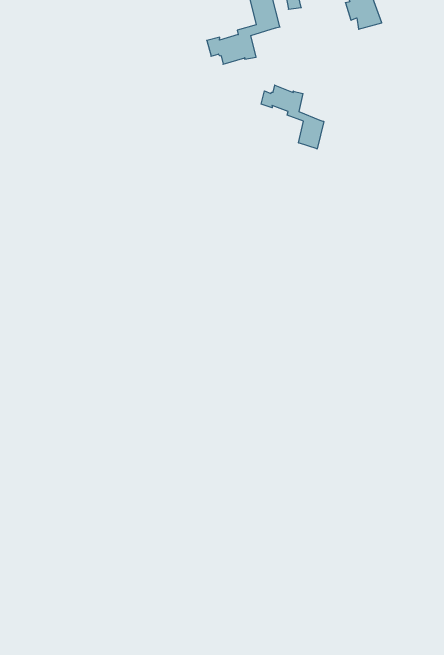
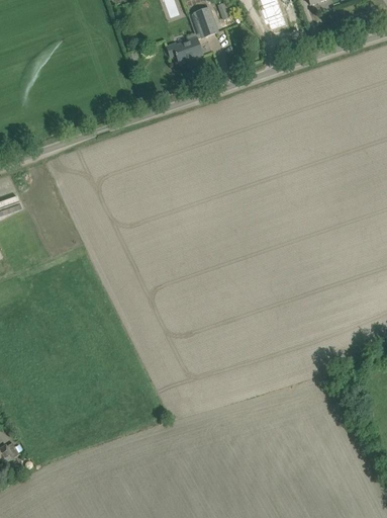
building: [261,85,324,149] -> none

